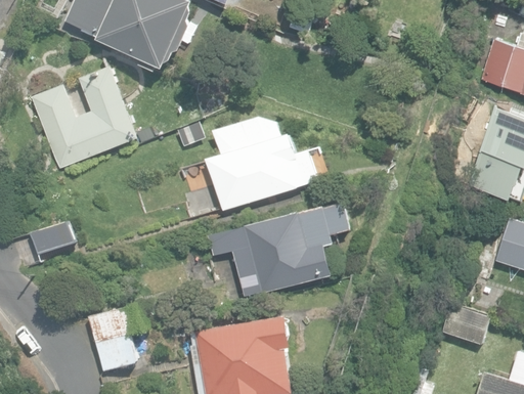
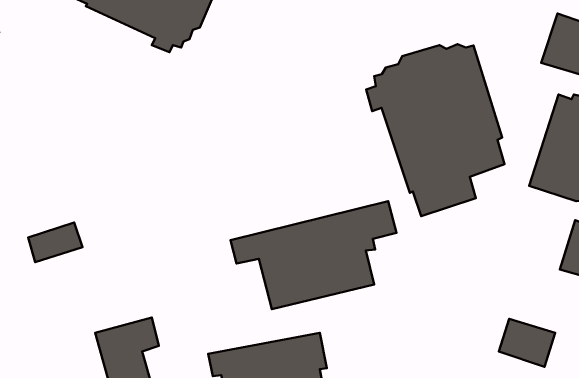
building: none -> [366,44,504,216]
building: [31,64,139,168] -> none
building: [180,118,318,213] -> none

